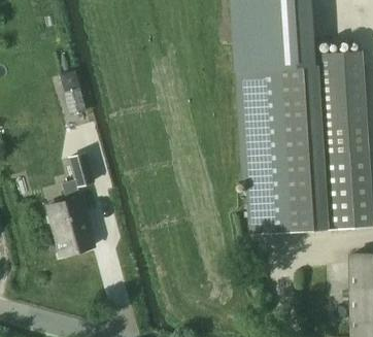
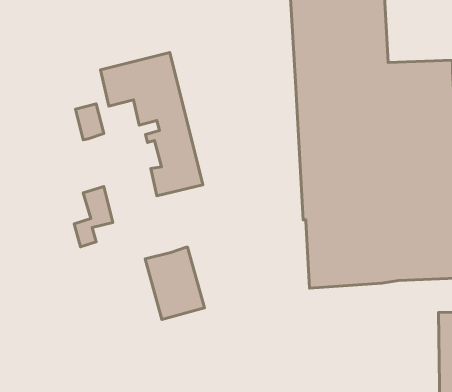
building: none -> [100,53,203,196]
building: [44,197,92,255] -> [145,247,204,319]

